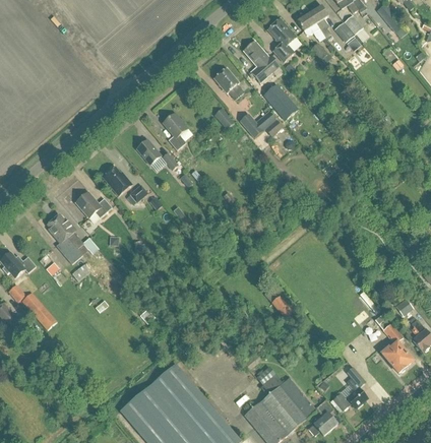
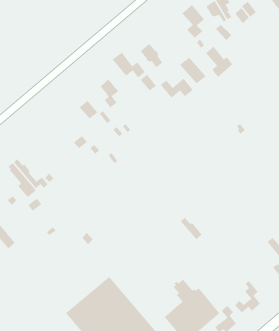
building: [243,41,279,81] -> [205,46,233,78]
building: none -> [112,52,145,78]
building: [102,166,131,195] -> none
building: [75,191,112,217] -> none

